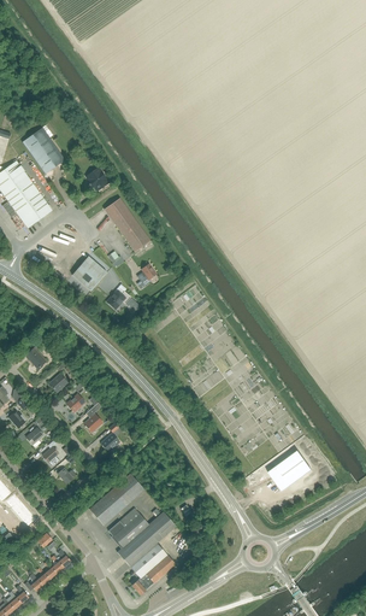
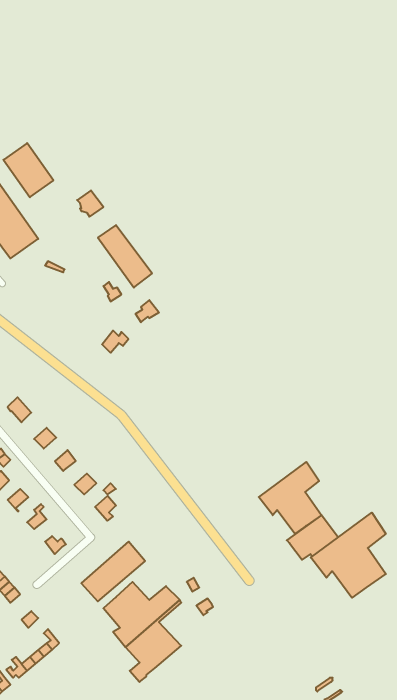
building: [72,256,107,291] -> none
building: none -> [259,462,321,534]
building: none -> [311,513,386,598]

